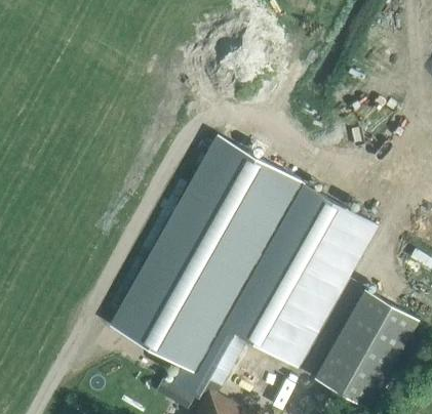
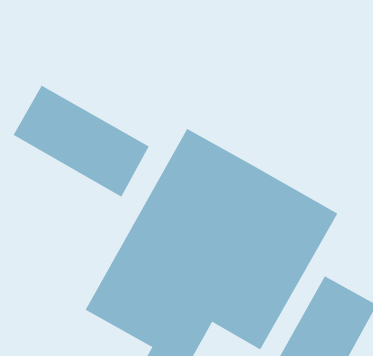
building: none -> [13,85,149,197]

